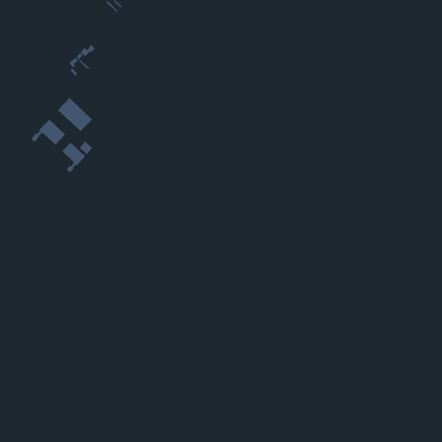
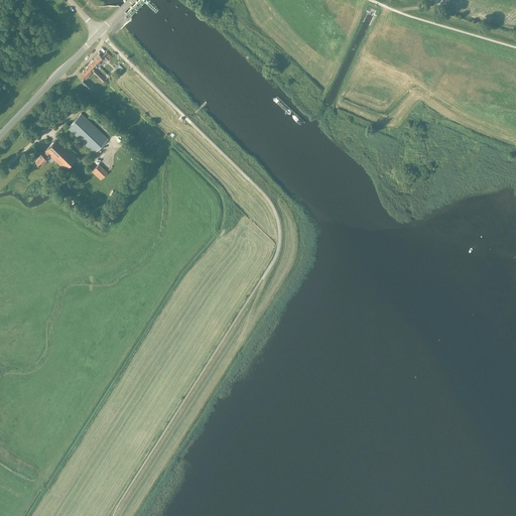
building: [61,142,86,173] -> none

